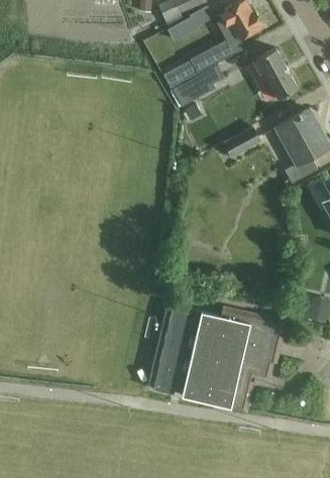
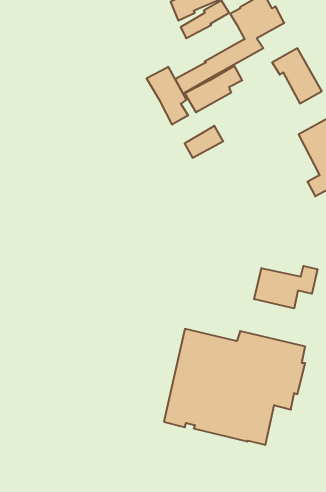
building: none -> [147,67,188,125]
building: [224,127,259,156] -> [185,126,223,158]
building: none -> [254,266,317,308]

